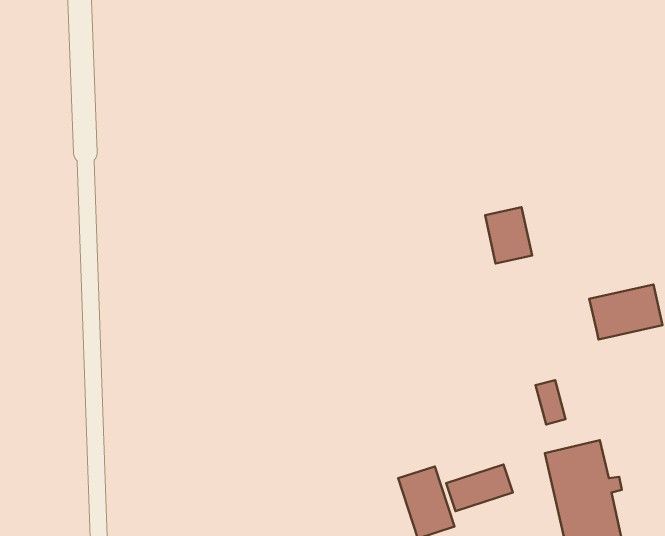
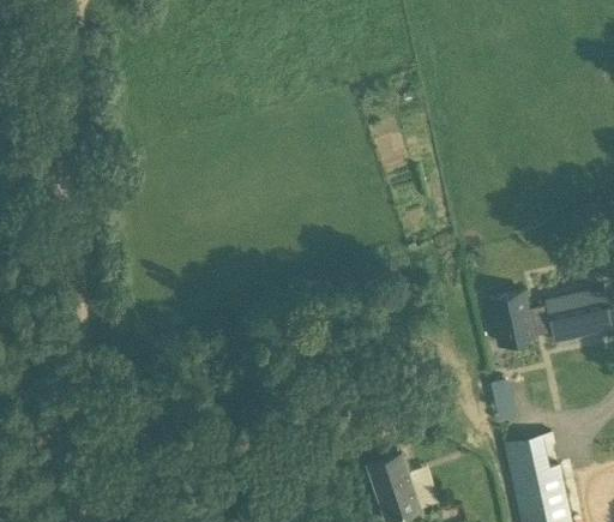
building: [485,207,532,263] -> [489,294,532,346]
building: [446,464,513,511] -> none

